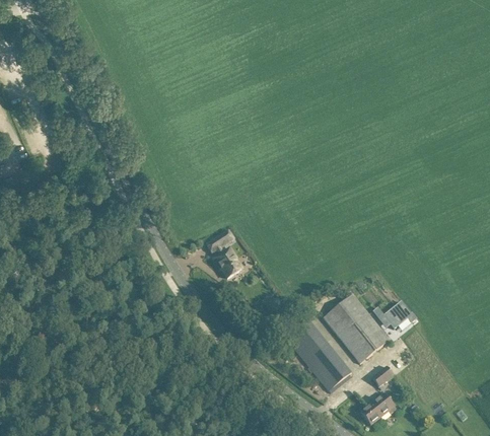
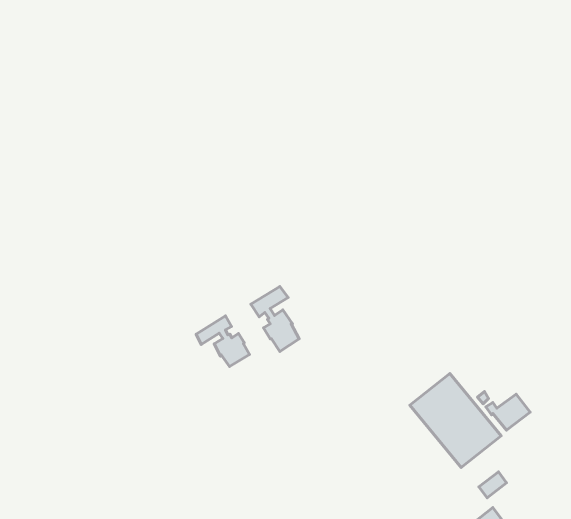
building: none -> [196,316,250,366]
building: [285,318,351,392] -> none

